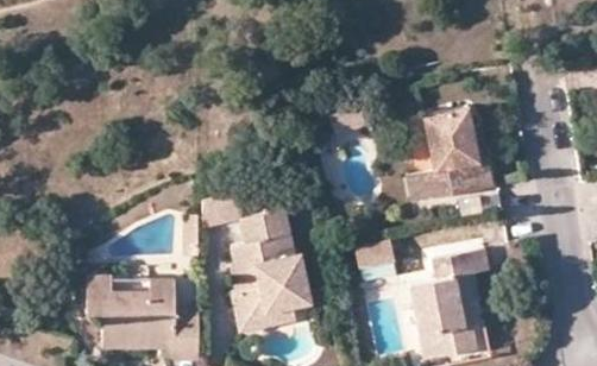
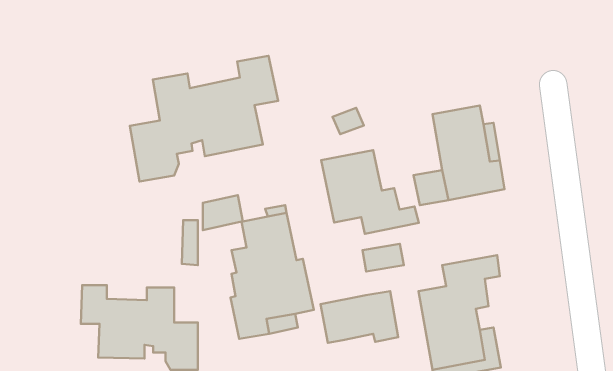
building: none -> [130,56,278,182]
building: none -> [321,150,419,234]
building: none -> [320,291,398,343]

